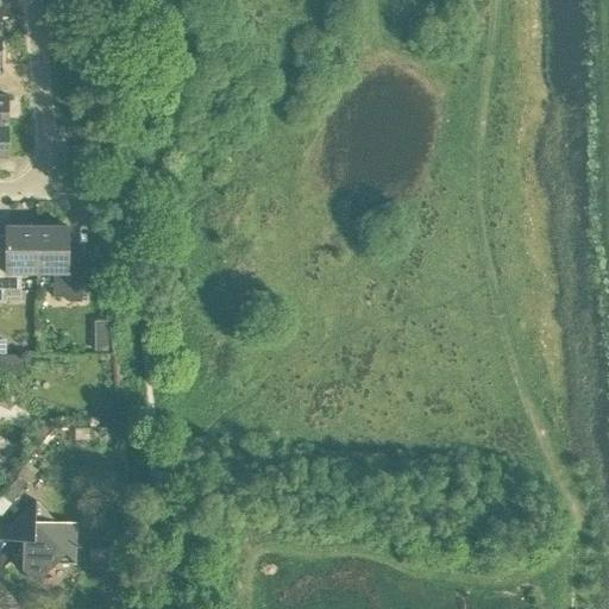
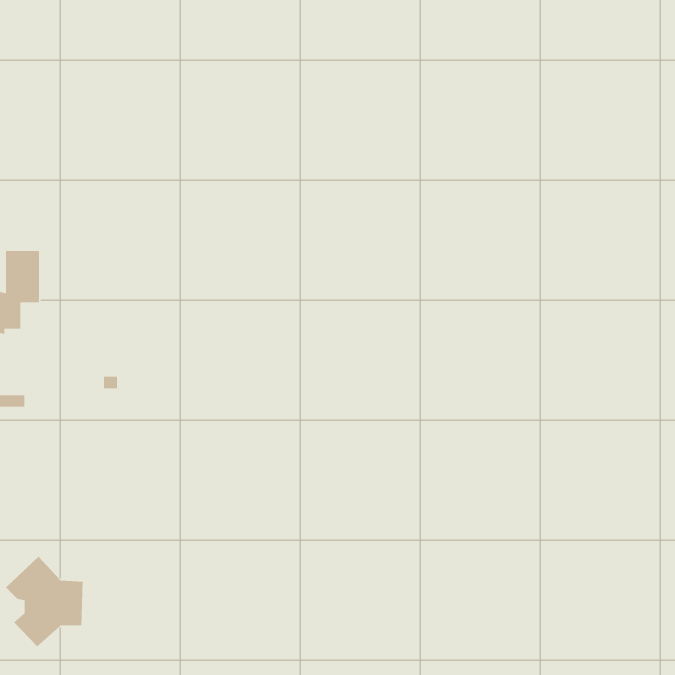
building: [36,225,81,301] -> none

